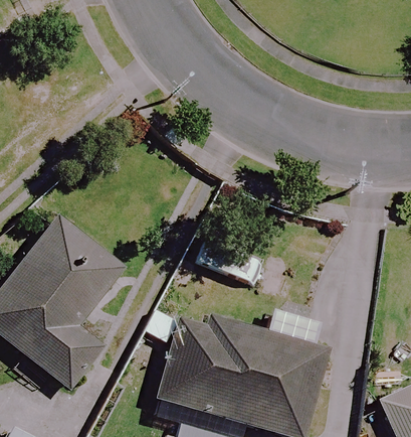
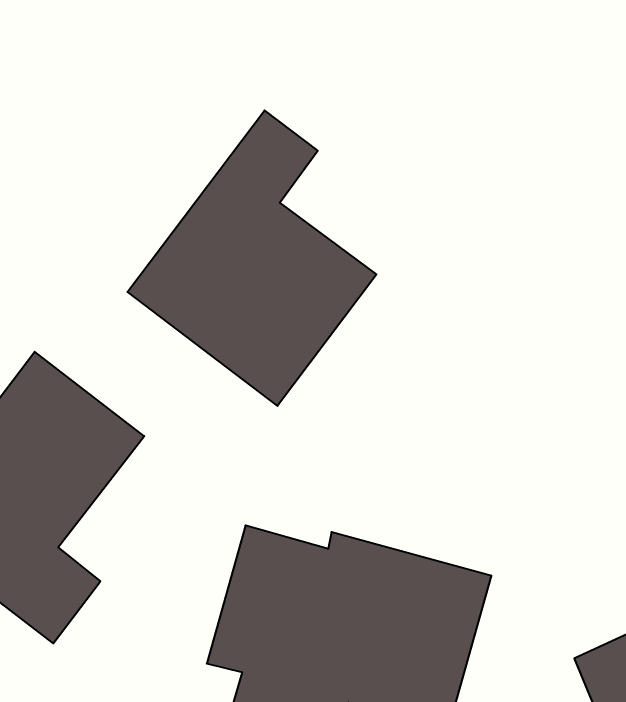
building: none -> [127,110,376,406]

